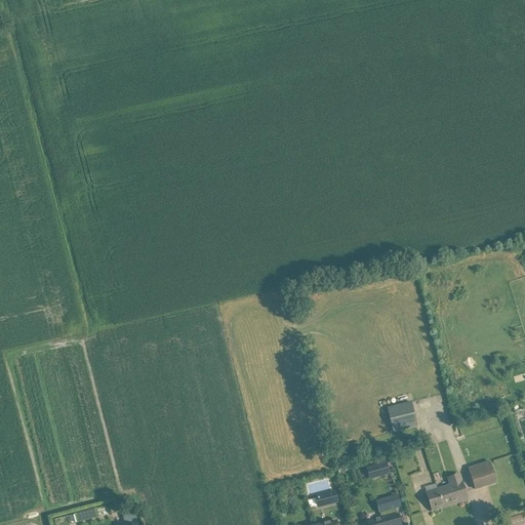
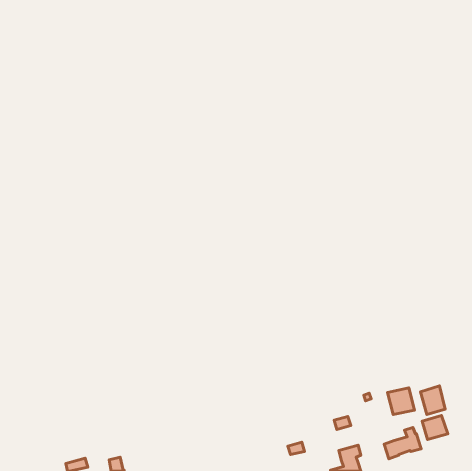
building: [387,401,416,431] -> [388,388,414,415]
building: none -> [421,386,445,414]

